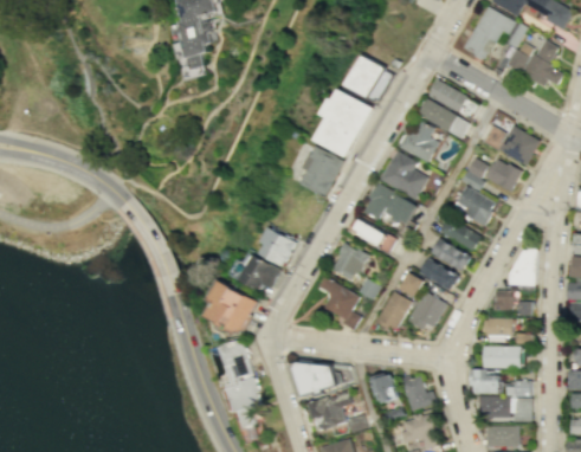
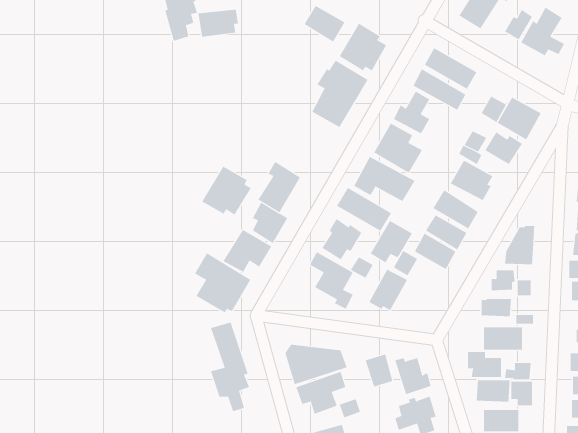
building: none -> [304,5,345,43]
building: none -> [198,9,239,38]
building: [303,146,344,195] -> [258,161,301,213]
building: none -> [202,166,251,215]
building: [406,290,447,331] -> [370,220,413,263]

